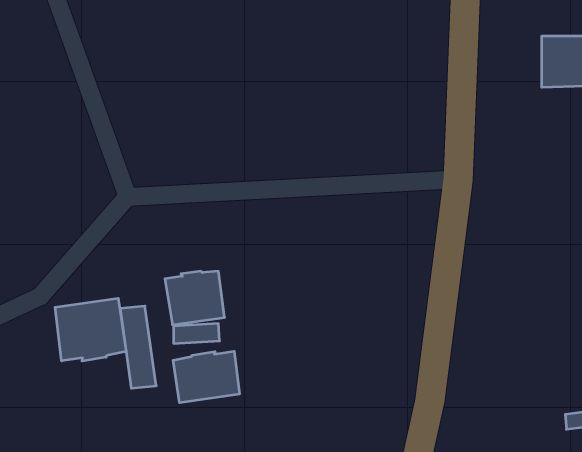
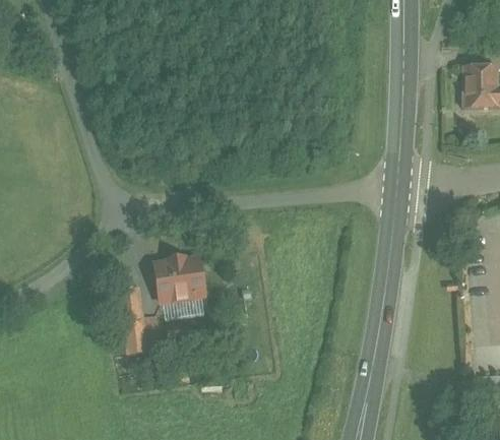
building: [55,298,126,361] -> none
building: [173,351,239,403] -> none

